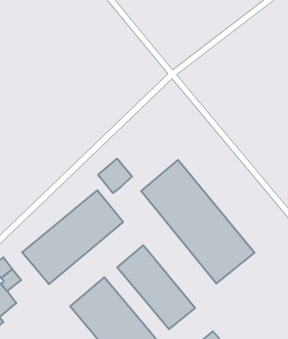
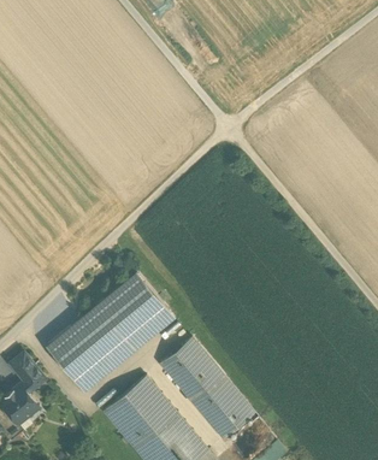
building: [98,159,132,193] -> none
building: [141,160,255,284] -> none

